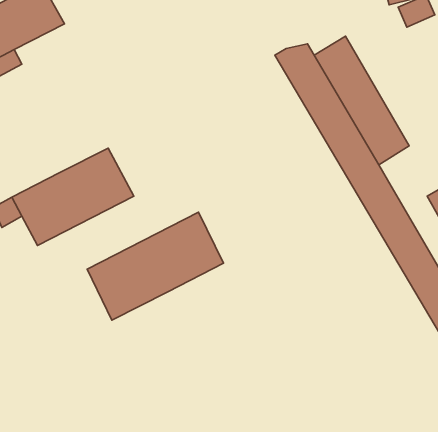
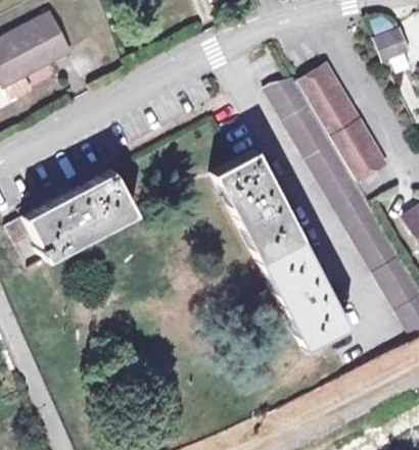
building: none -> [213,147,348,348]
building: [87,212,223,320] -> none

